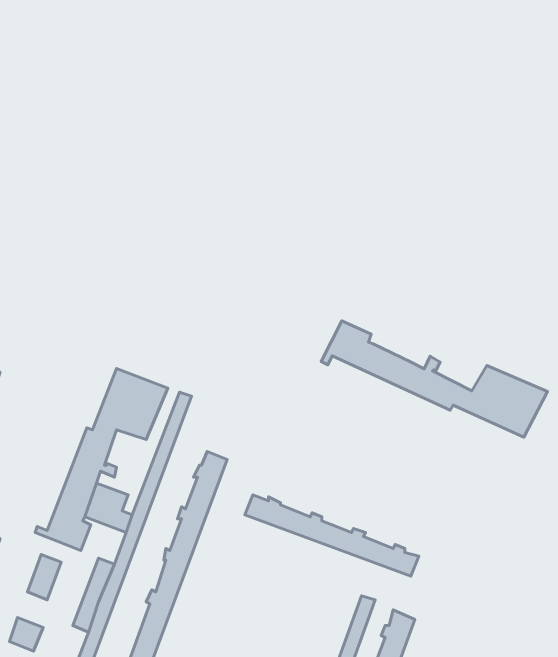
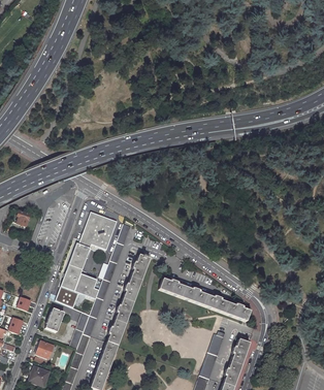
building: [321,321,547,437] -> none

